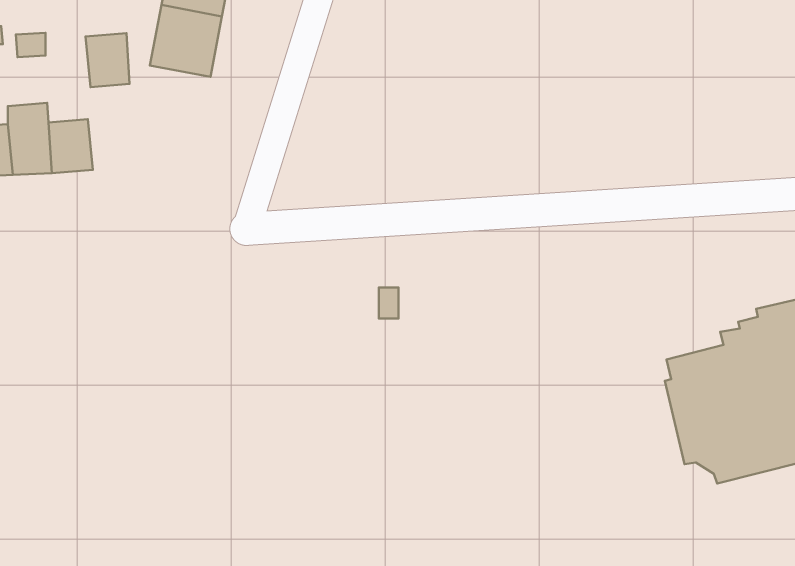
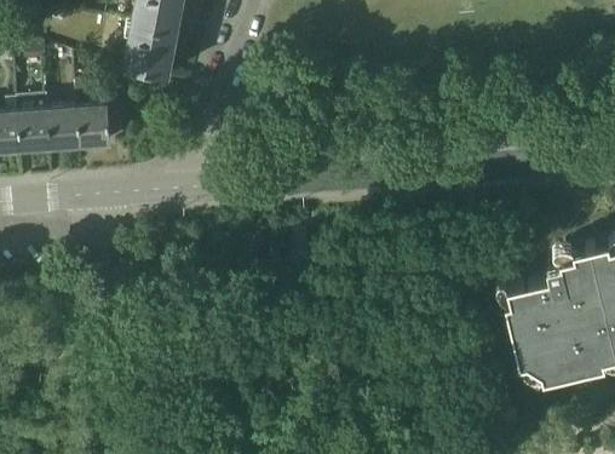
building: [86,33,130,87] -> [77,108,110,148]

